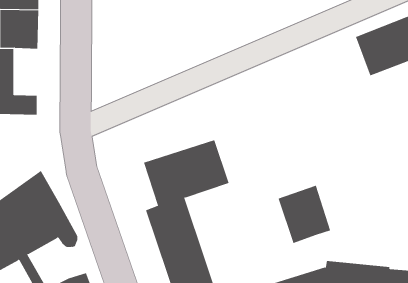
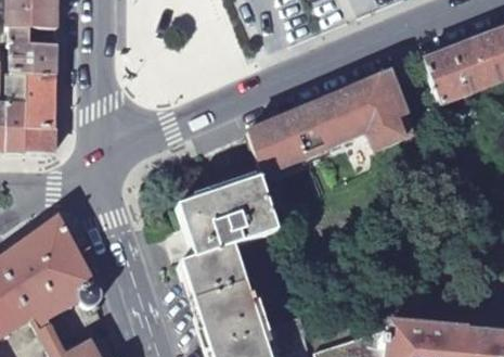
building: none -> [28,71,56,126]
building: none -> [248,71,417,174]
building: [278,185,331,244] -> none

